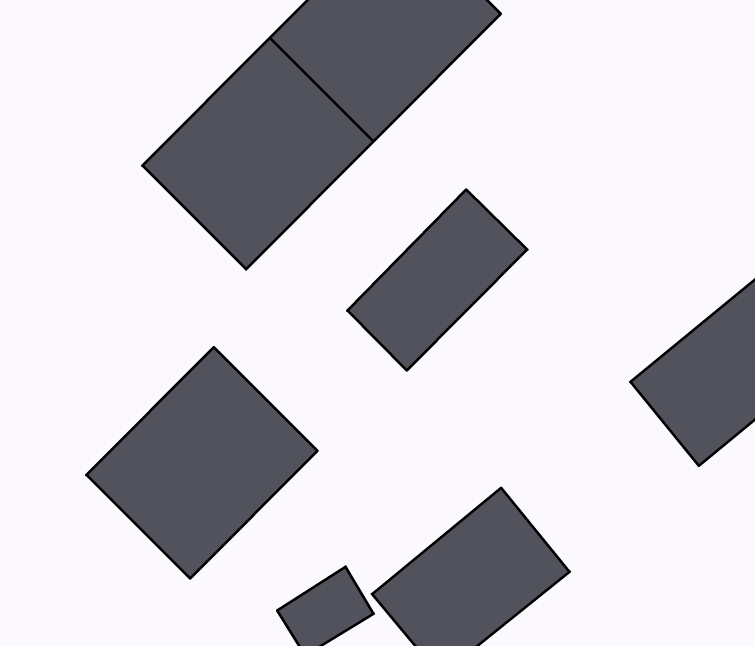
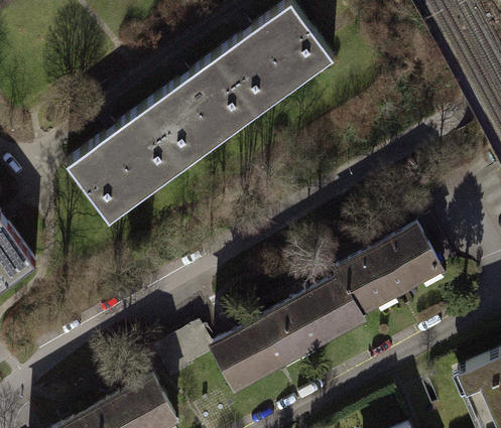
building: [347,190,527,370] -> none
building: [86,347,317,578] -> [61,107,180,222]
building: none -> [290,259,392,349]

